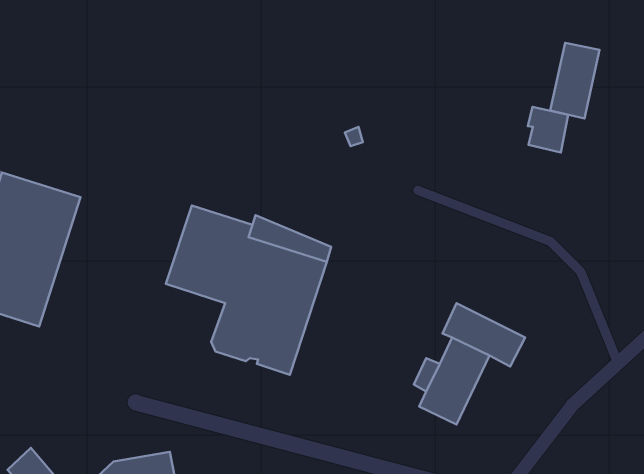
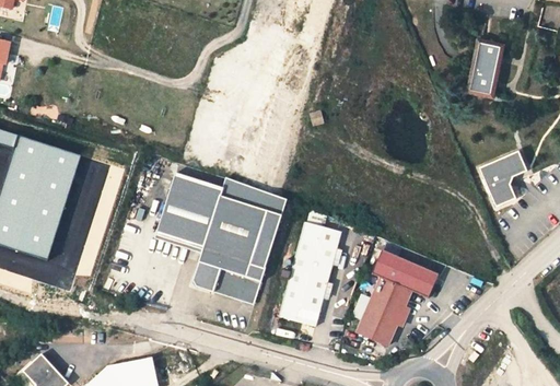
building: [528,107,568,153] -> none
building: none -> [481,154,529,210]
building: none -> [278,218,340,323]

